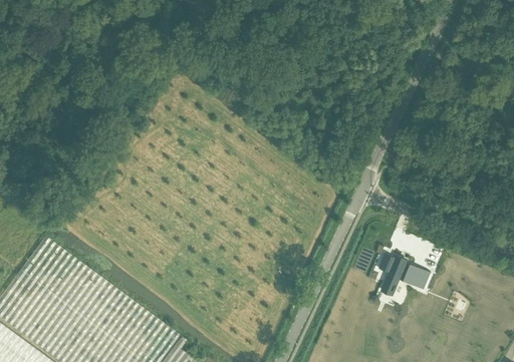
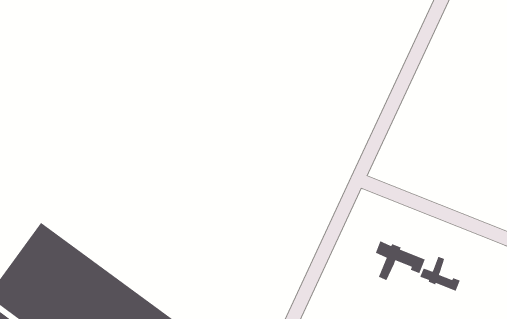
building: none -> [419,256,461,292]

